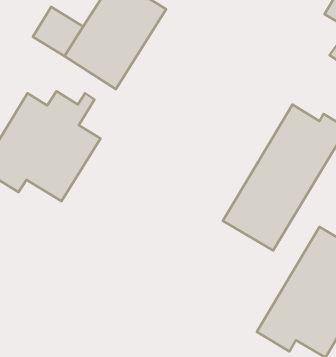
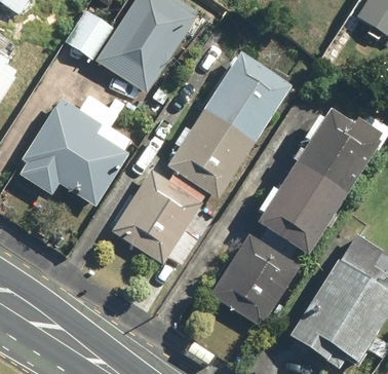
building: none -> [171,54,290,196]
building: none -> [112,163,205,263]
building: none -> [210,234,301,327]

